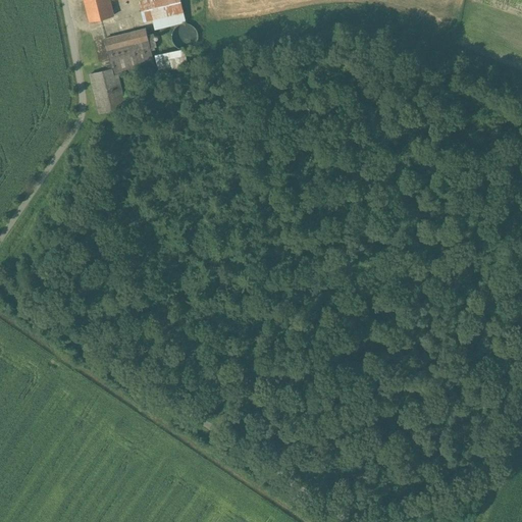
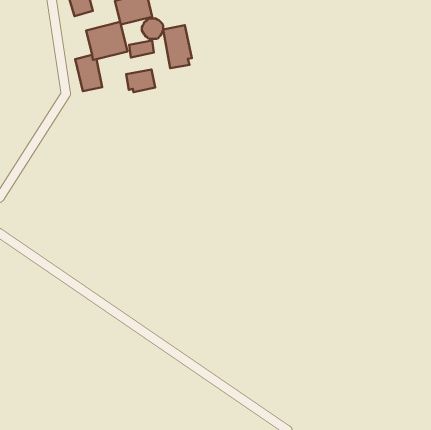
building: none -> [163,25,192,68]
building: none -> [126,70,155,92]

